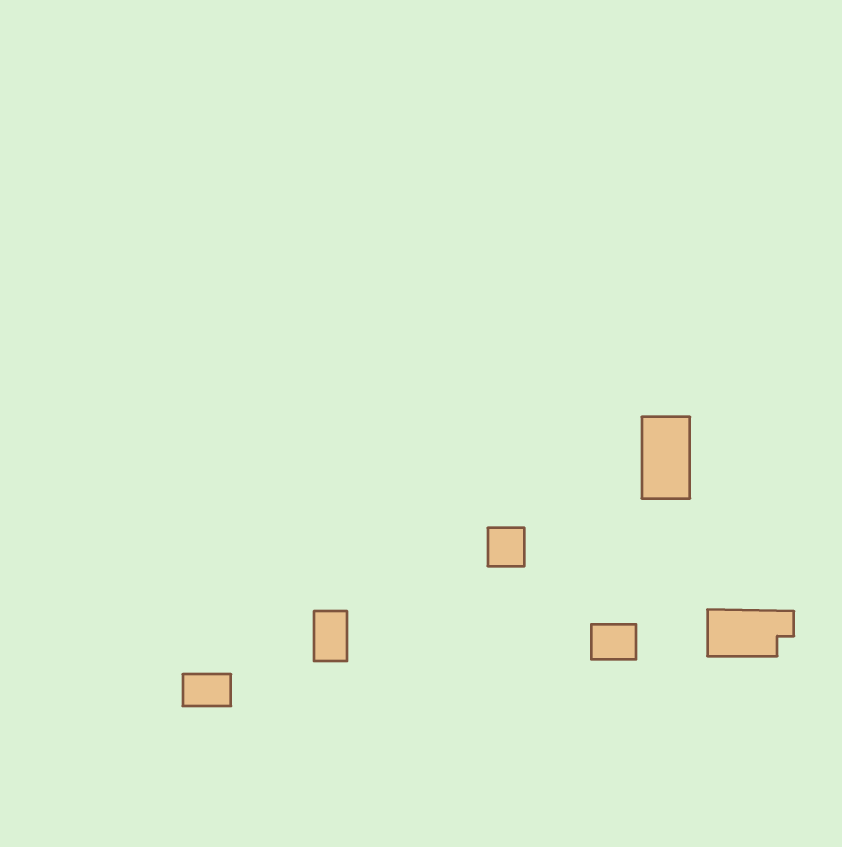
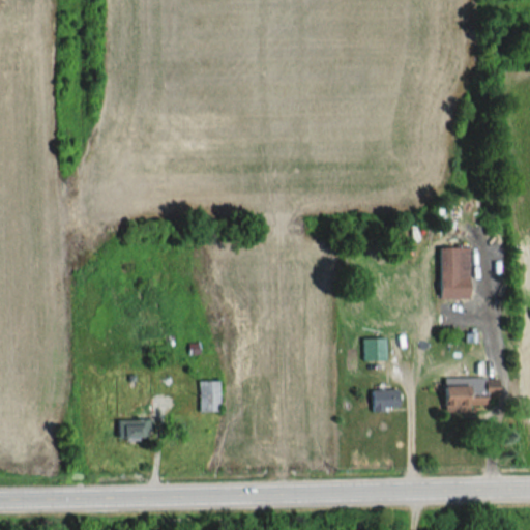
building: [642,417,690,498] -> [441,247,471,298]
building: [488,528,524,566] -> [364,337,387,361]

